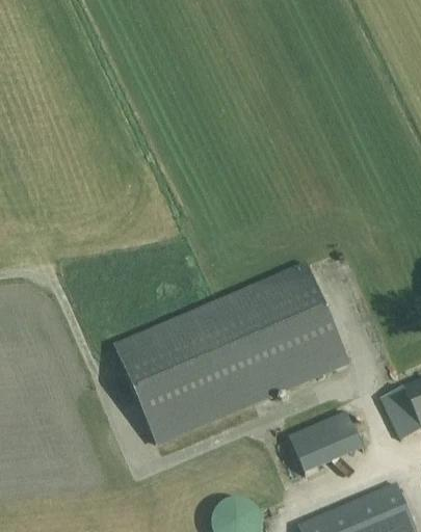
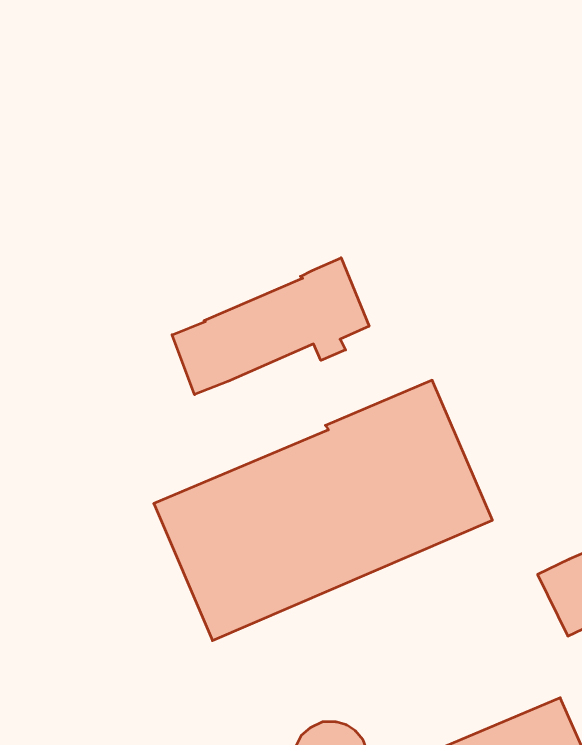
building: none -> [172,258,369,395]
building: [289,410,363,475] -> none

